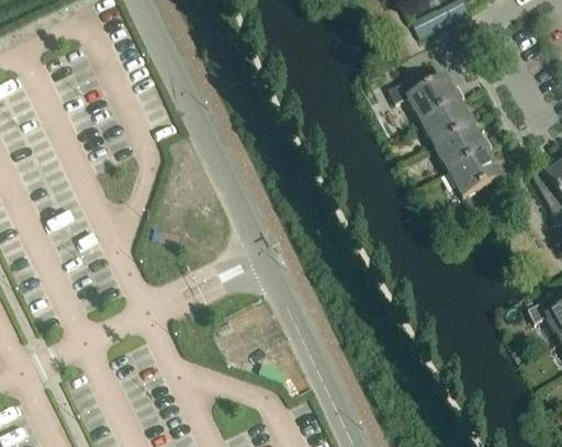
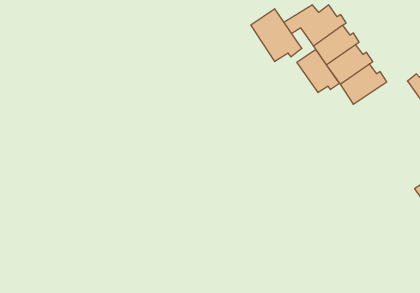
building: none -> [251,9,302,62]
building: none -> [297,49,339,93]

